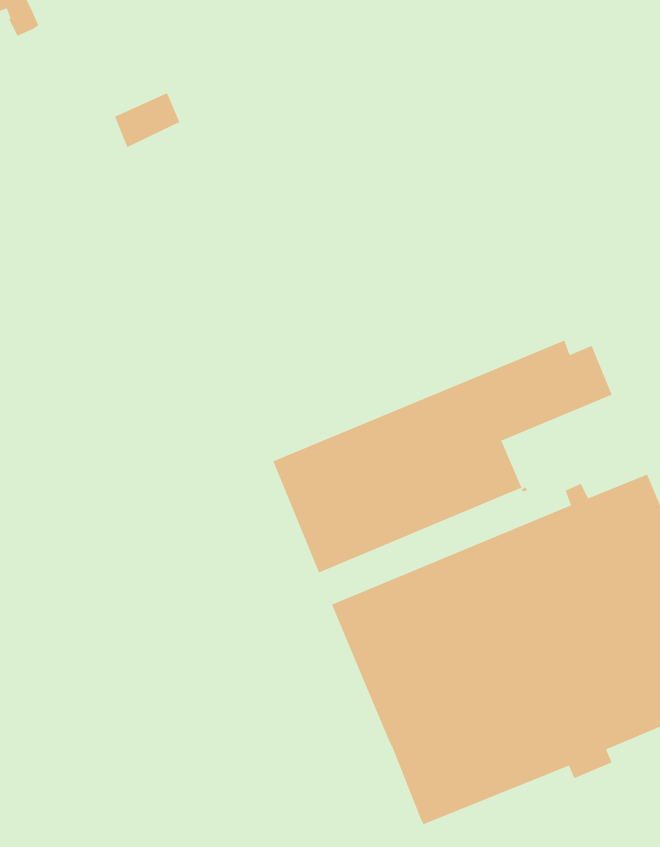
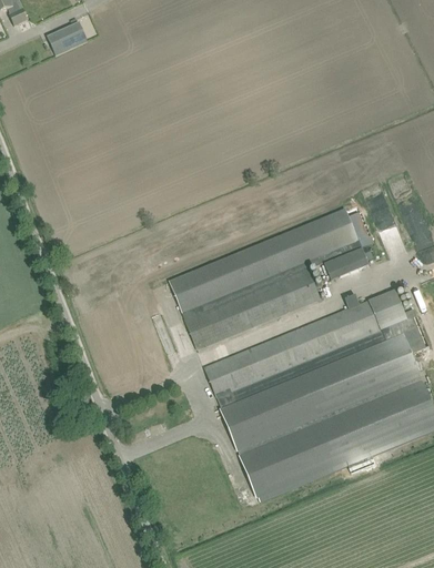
building: [114,93,180,148] -> [47,21,87,54]
building: none -> [324,246,369,278]

